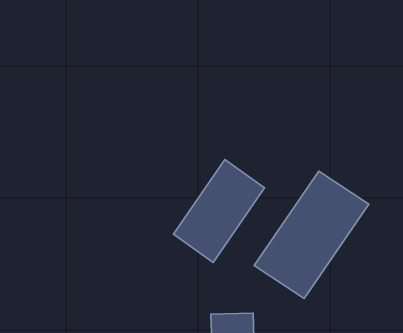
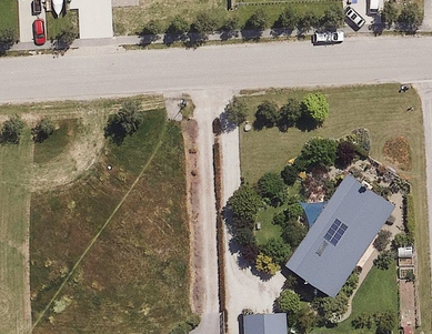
building: [173,160,264,263] -> none

